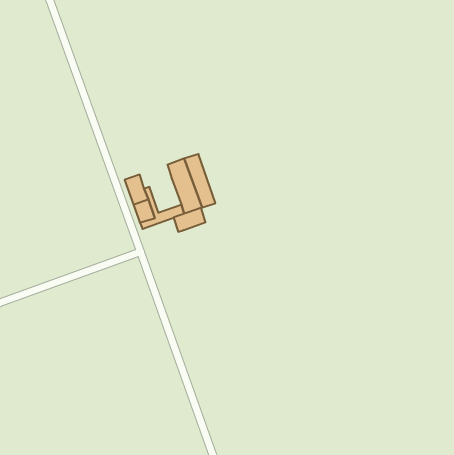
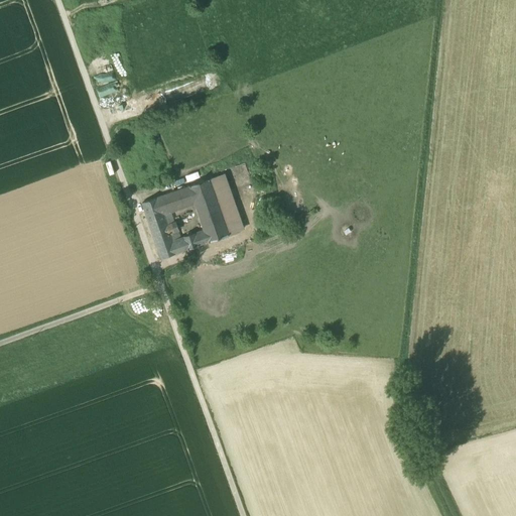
building: [174,208,206,232] -> [158,186,195,214]

